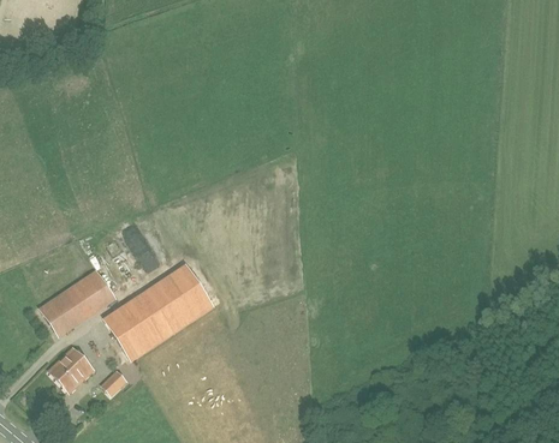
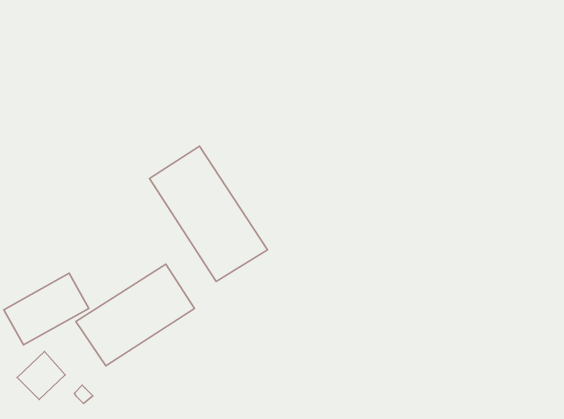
building: none -> [150,146,268,281]

